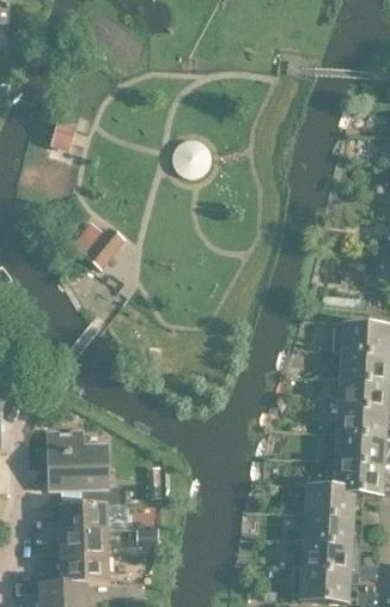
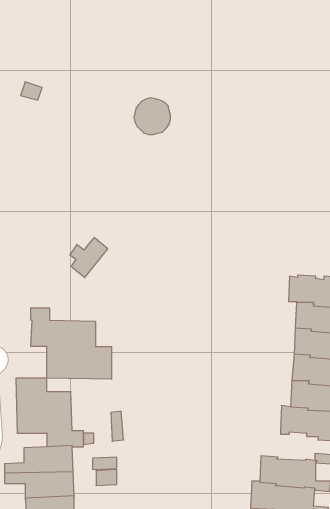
building: [84,226,123,268] -> [70,238,108,278]
building: none -> [31,308,112,379]
building: [304,484,364,517] -> none

